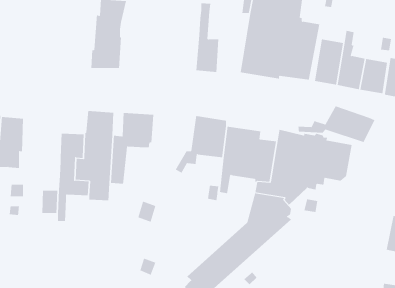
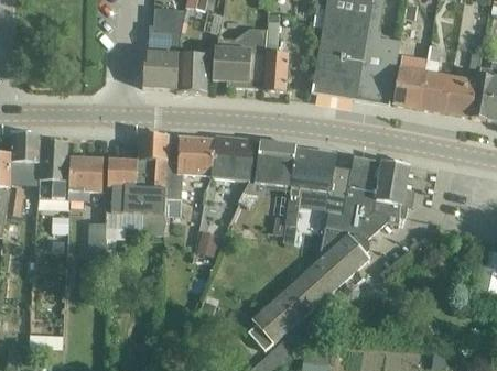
building: none -> [212,28,266,88]
building: none -> [176,51,208,91]
building: [298,106,375,143] -> none
building: none -> [209,135,253,178]
building: none -> [69,156,110,199]

